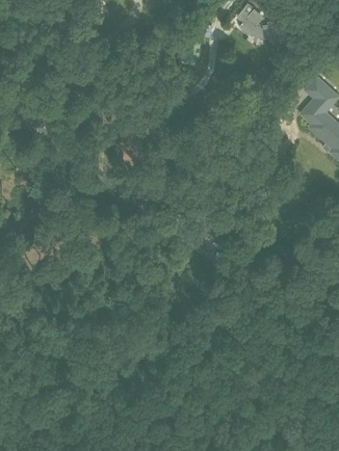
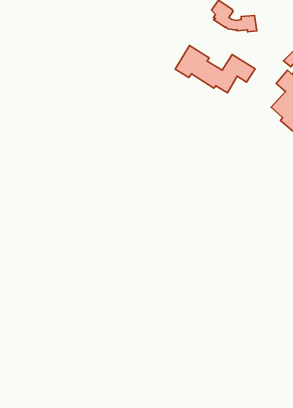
building: none -> [175,45,255,93]

